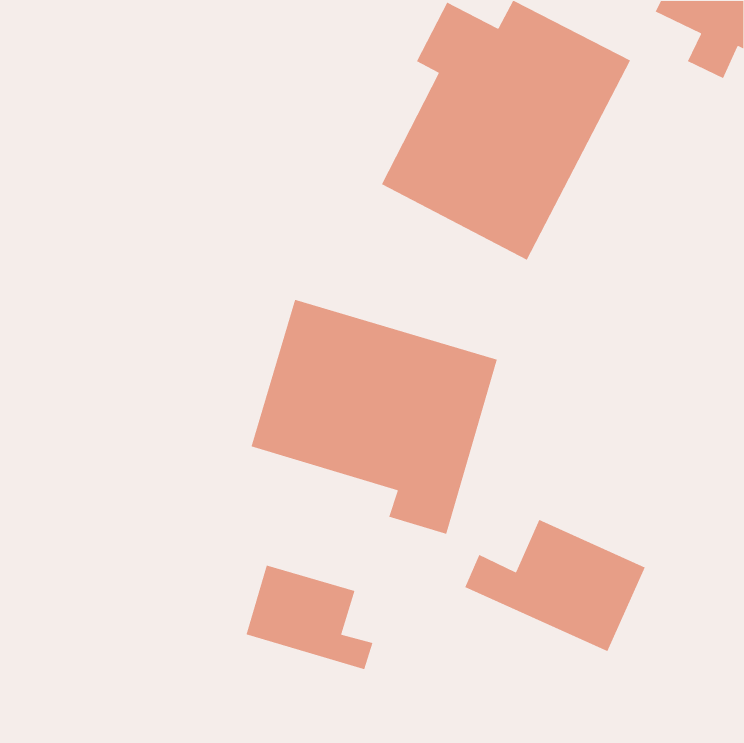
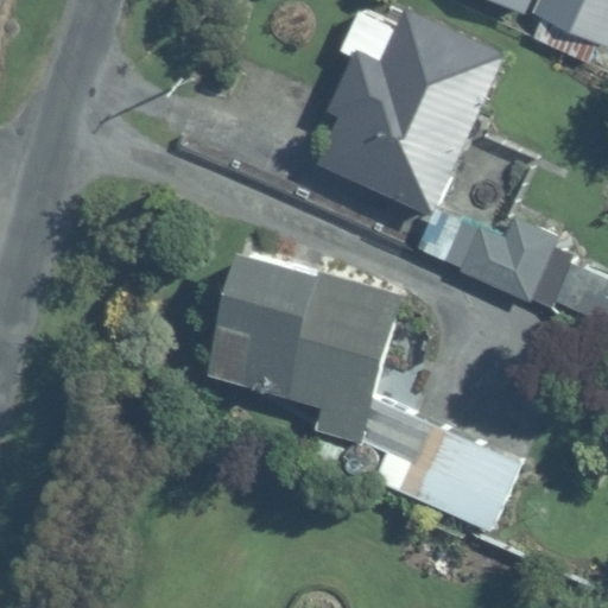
building: none -> [420,211,553,300]
building: [245,564,373,670] -> none

